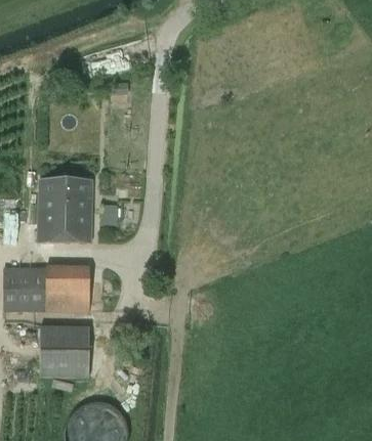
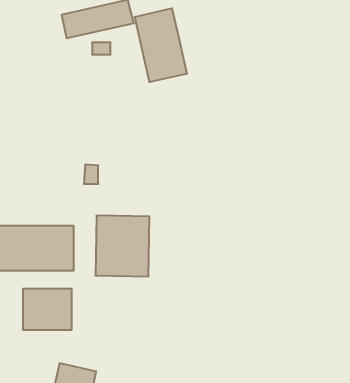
building: none -> [135,8,187,82]
building: [38,180,92,241] -> [95,216,149,277]

